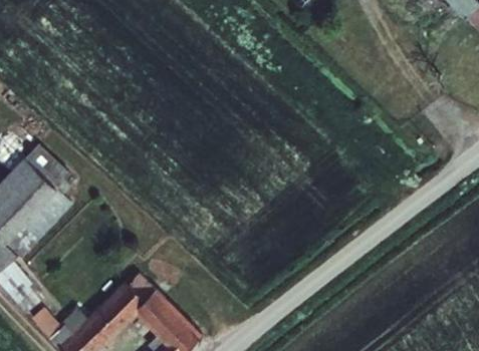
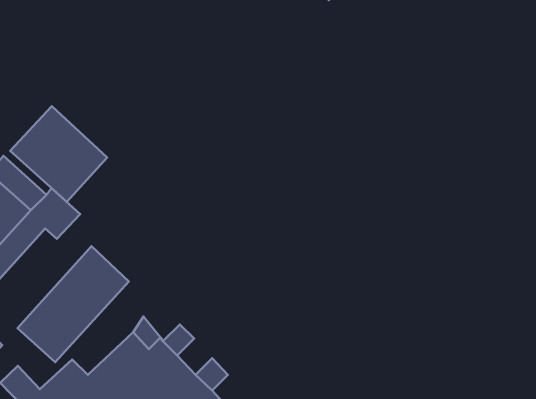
building: none -> [10,106,107,202]
building: none -> [17,246,129,362]

